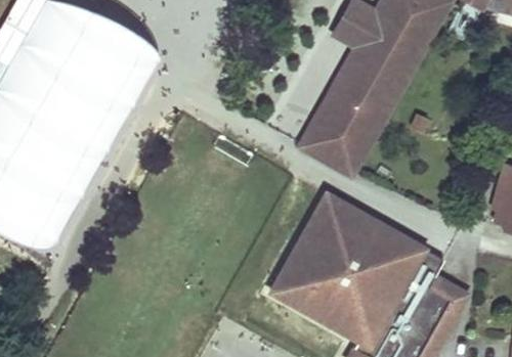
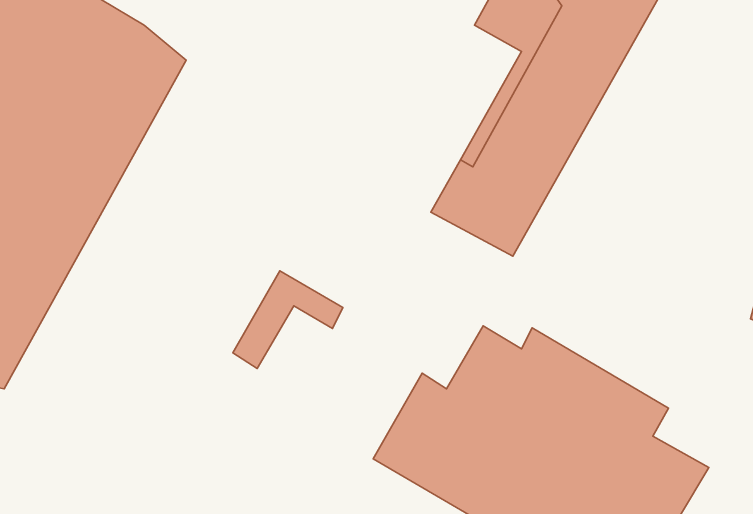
building: [299,191,364,249] -> [233,271,343,369]

